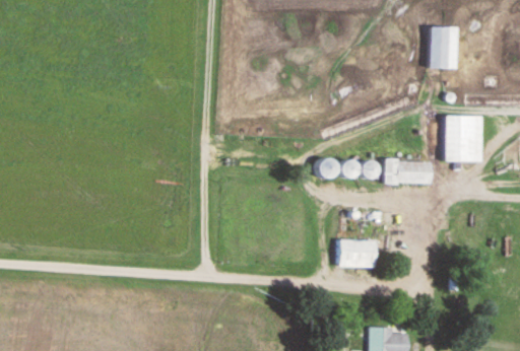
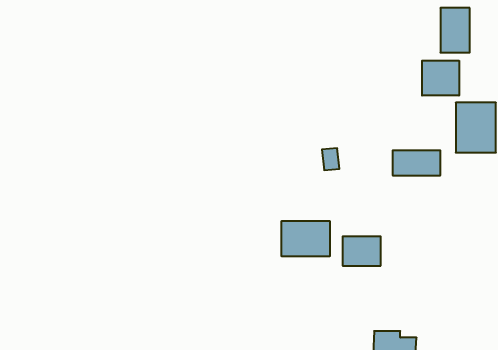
building: none -> [422,61,459,96]
building: [341,159,378,180] -> none
building: none -> [282,221,330,256]

